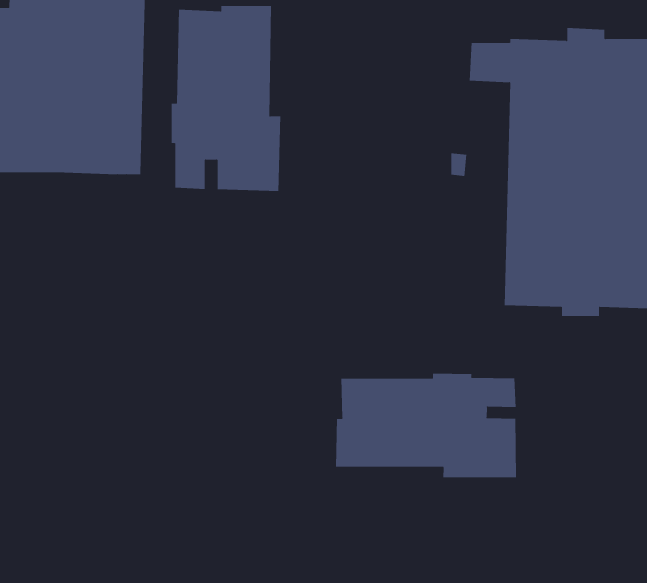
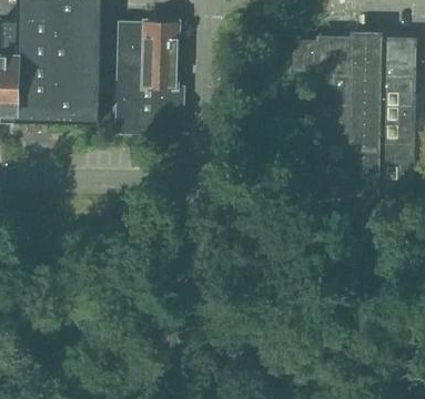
building: [336,373,516,478] -> none

